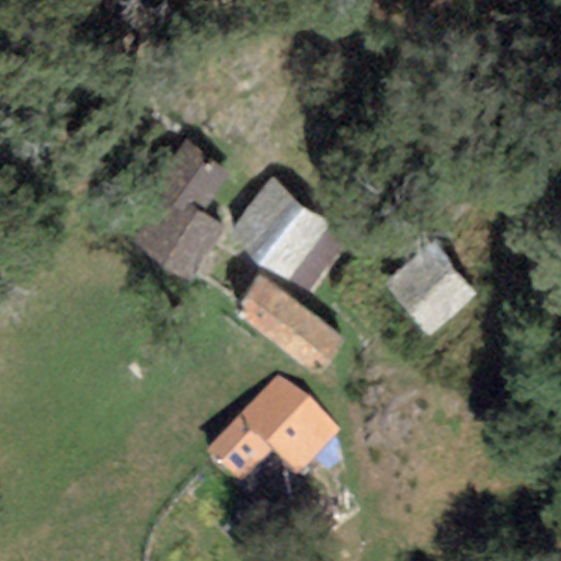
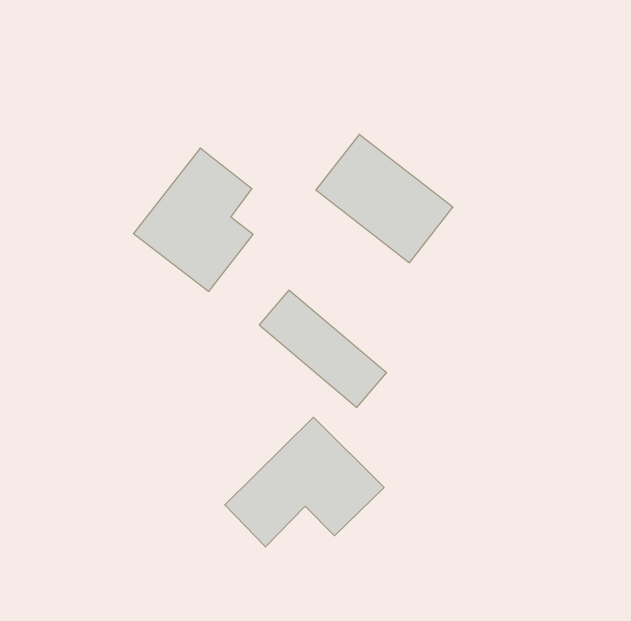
building: [232,179,354,293] -> [316,134,453,263]
building: [381,238,477,336] -> none

